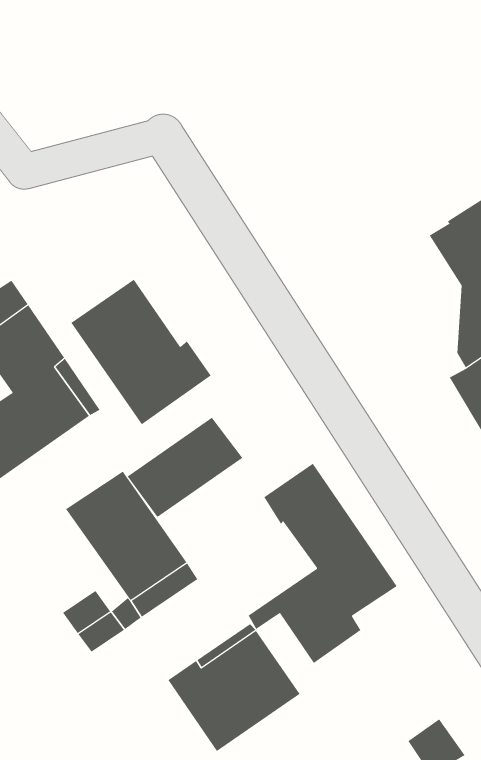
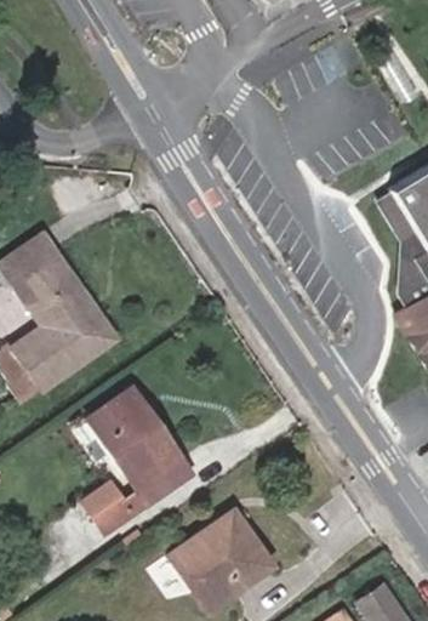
building: [71,279,212,425] -> none
building: [127,417,243,517] -> none
building: [248,463,397,664] -> none

